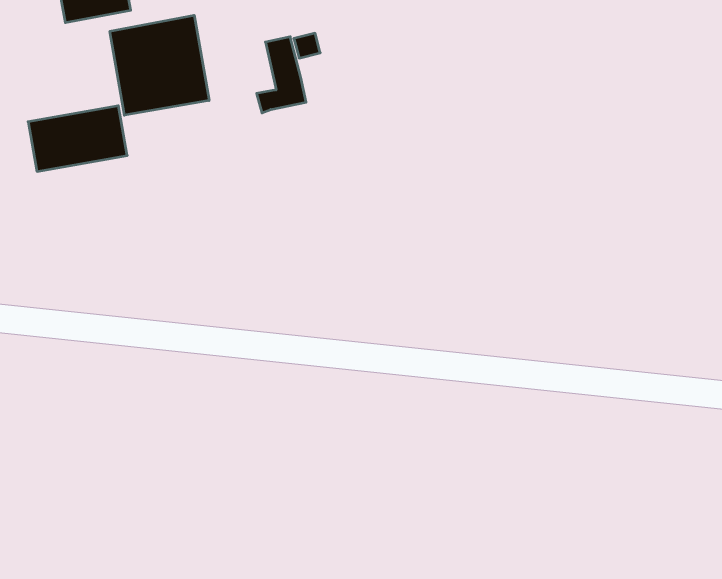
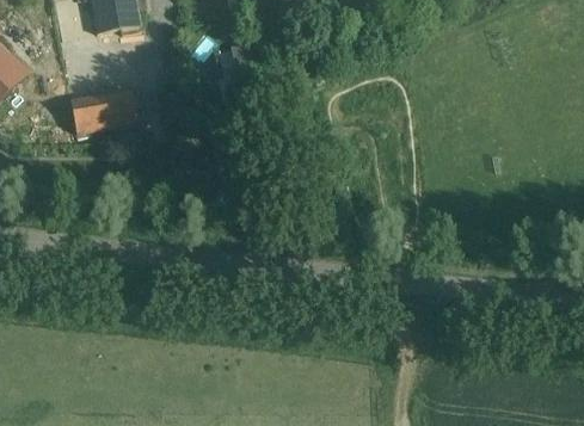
building: [110,15,209,115] -> none

